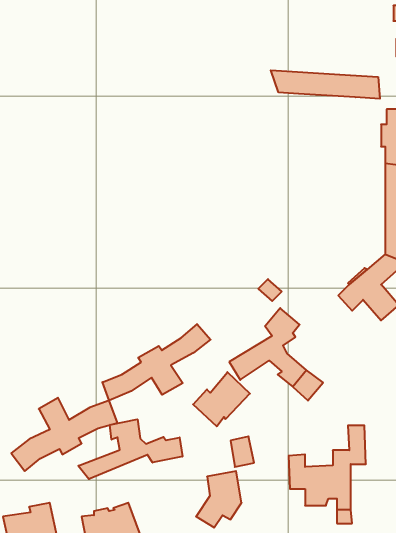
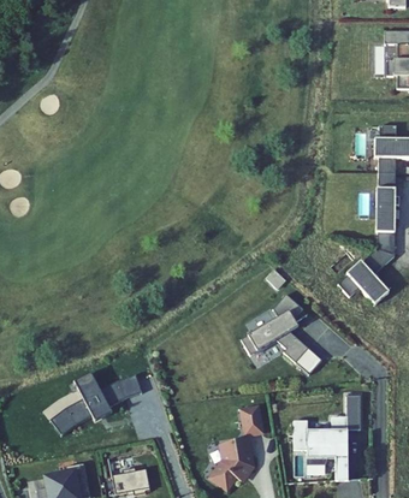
building: [271,70,380,99] -> none
building: [102,324,211,401] -> none
building: [193,372,250,426] -> none
building: [78,419,182,479] -> none

